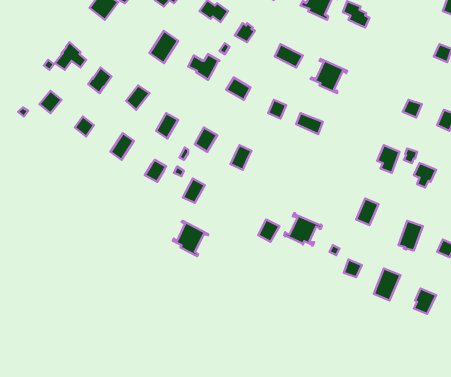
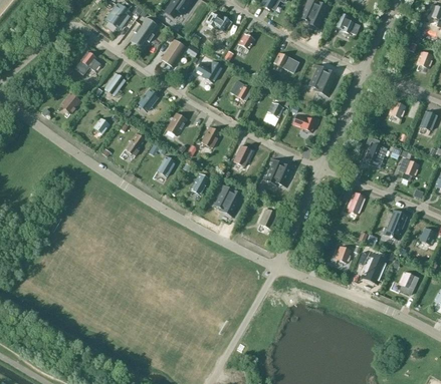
building: none -> [130,16,159,49]
building: [284,213,322,246] -> [261,157,295,186]
building: [173,221,208,256] -> [212,184,244,217]

